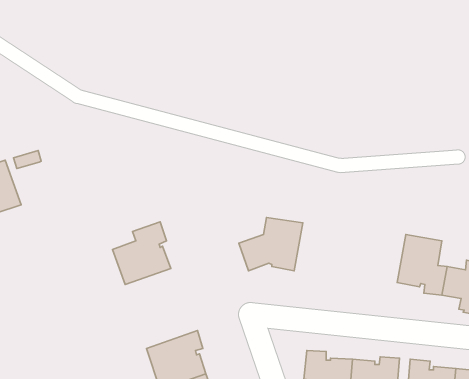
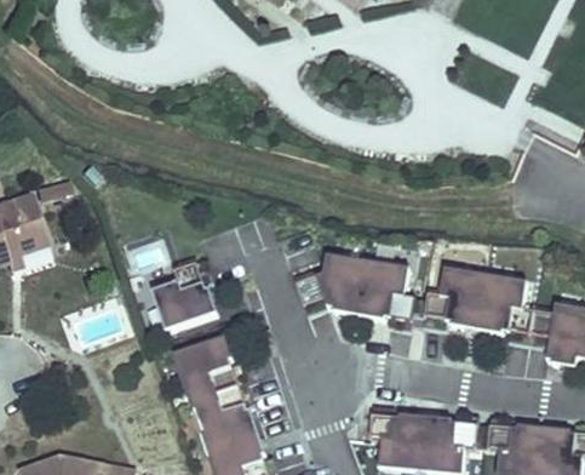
building: none -> [359,261,415,330]
building: none -> [424,268,486,330]
building: none -> [173,336,248,404]

